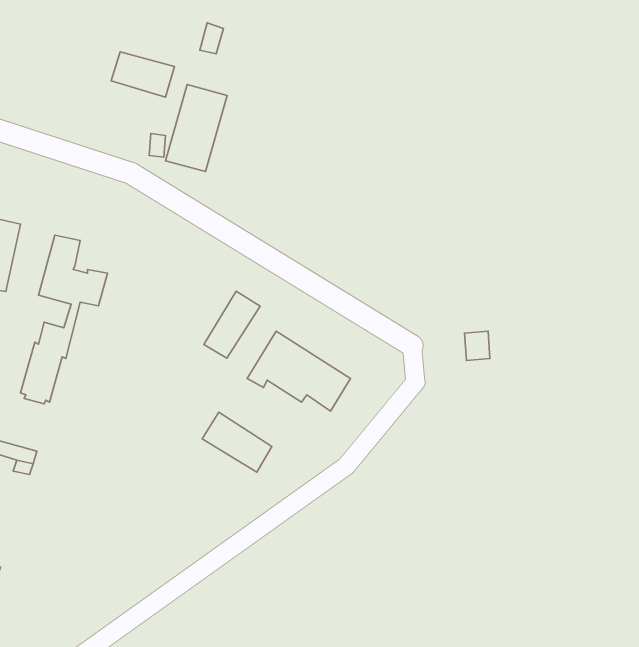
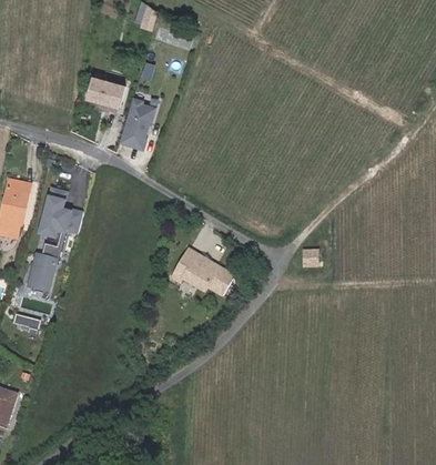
building: [204,291,260,358] -> none
building: [202,412,272,472] -> none

